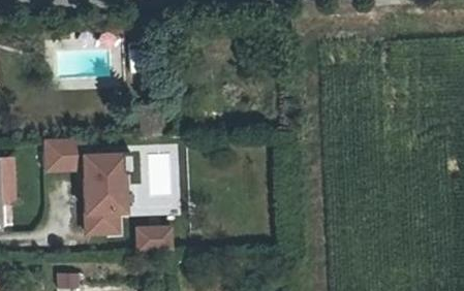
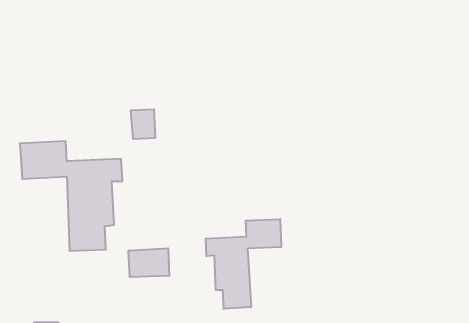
building: none -> [206,219,281,309]

